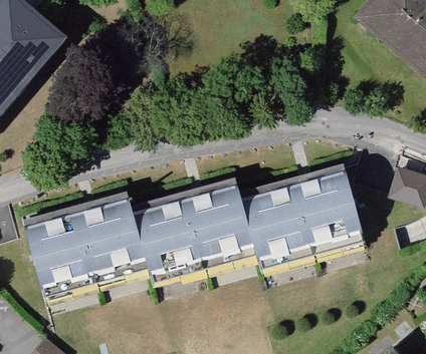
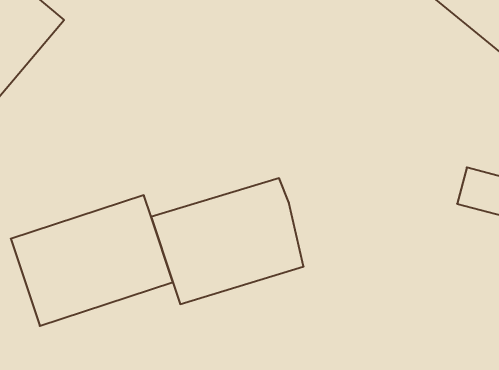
building: [243,170,367,267] -> none

